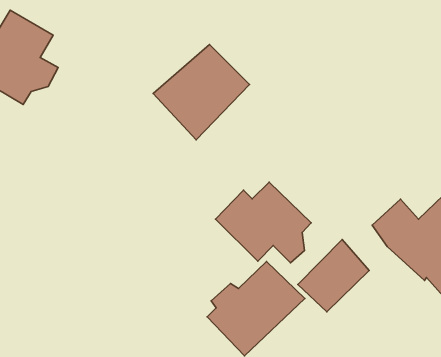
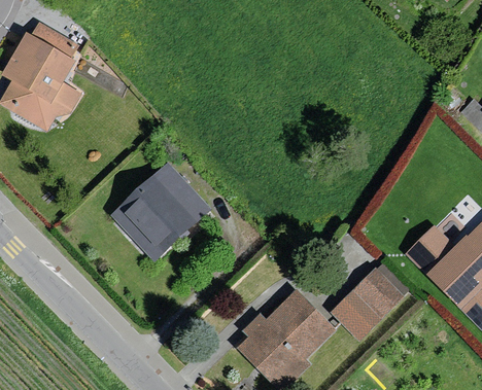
building: [153,44,250,140] -> [110,165,209,262]
building: [216,182,311,263] -> none

